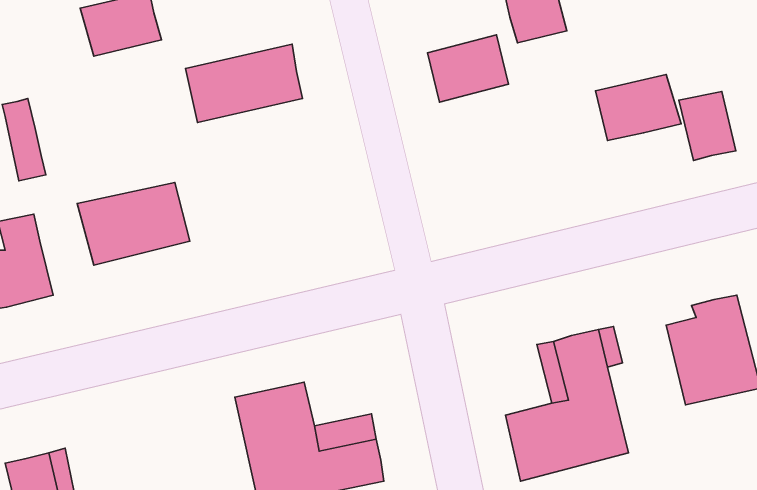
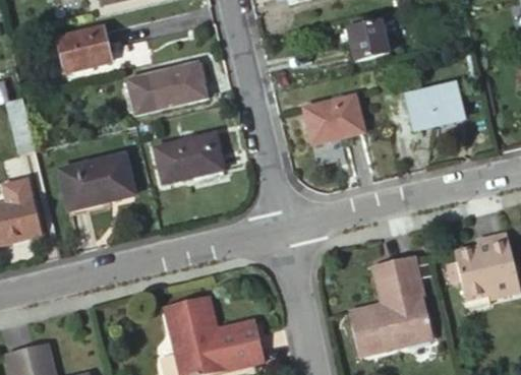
building: [427,35,509,102] -> [307,97,362,142]
building: [679,92,736,160] -> none
building: none -> [154,135,226,184]

